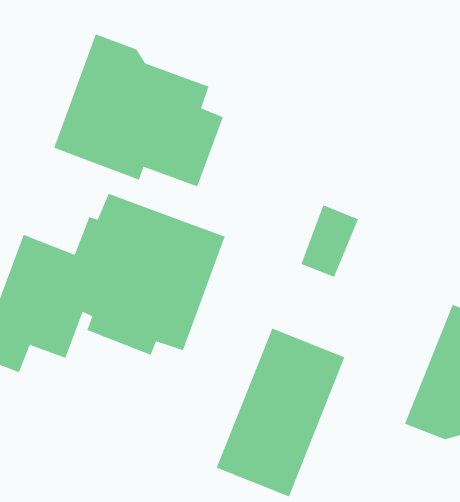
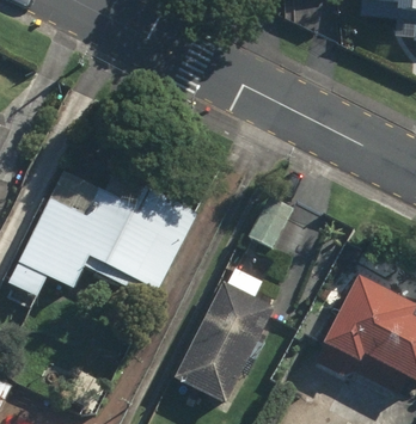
building: [54,33,223,187] -> none

